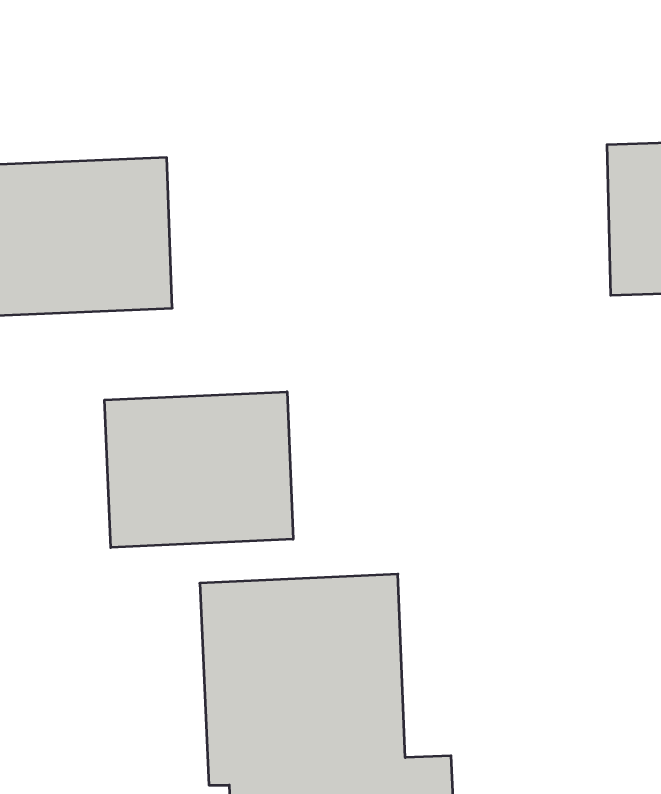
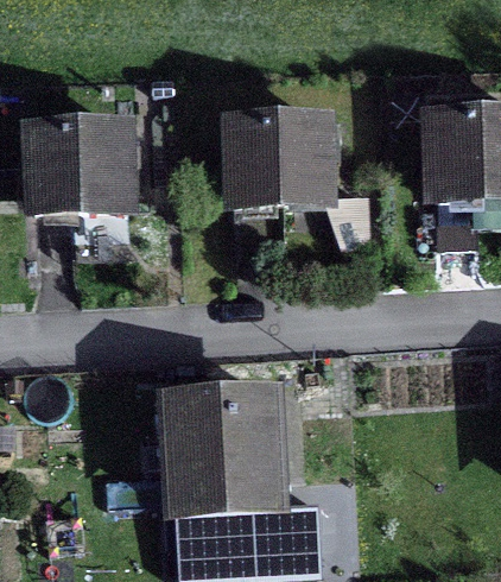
building: none -> [222,110,338,211]
building: [105,392,293,548] -> none

